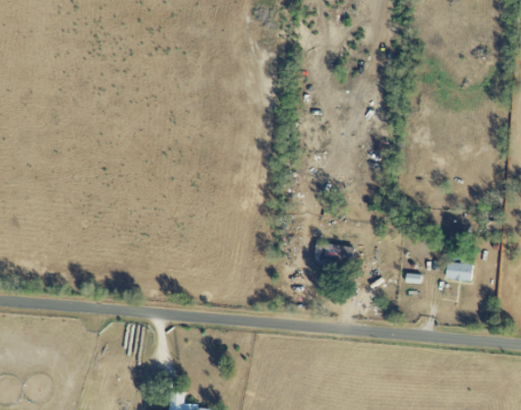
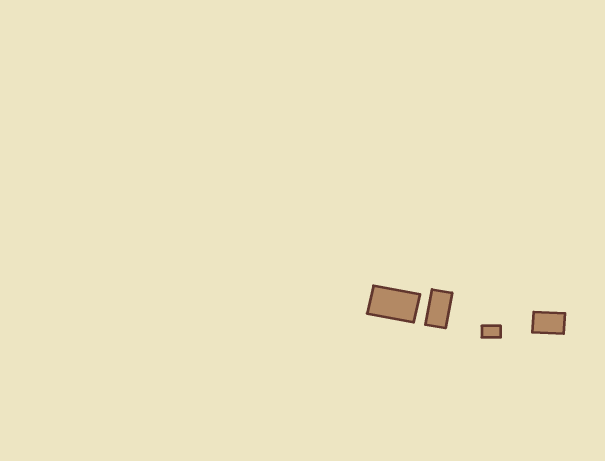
building: none -> [425,289,452,328]

